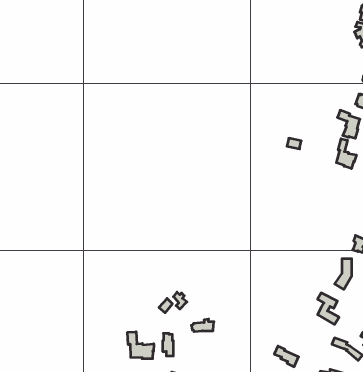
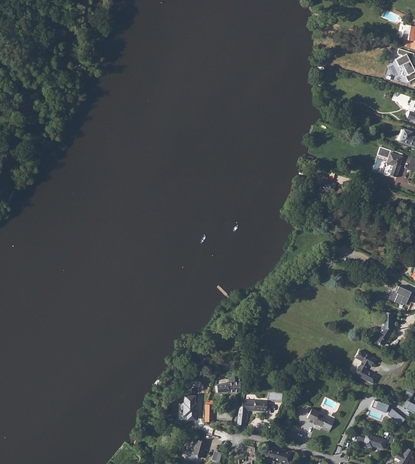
building: [336,139,356,169] -> none
building: [128,332,154,359] -> none
building: none -> [237,399,267,425]

